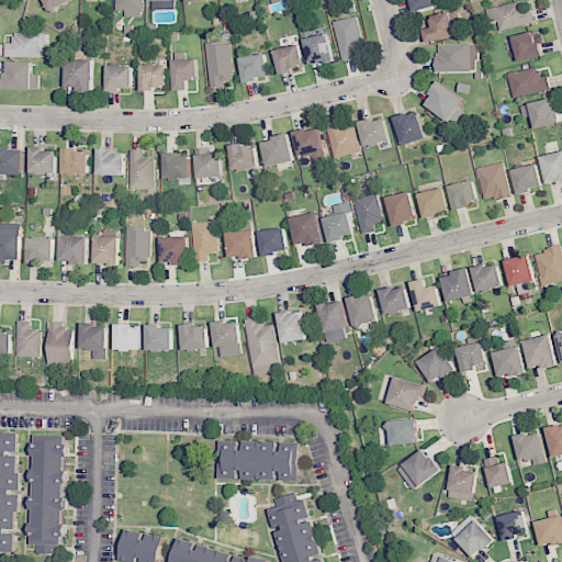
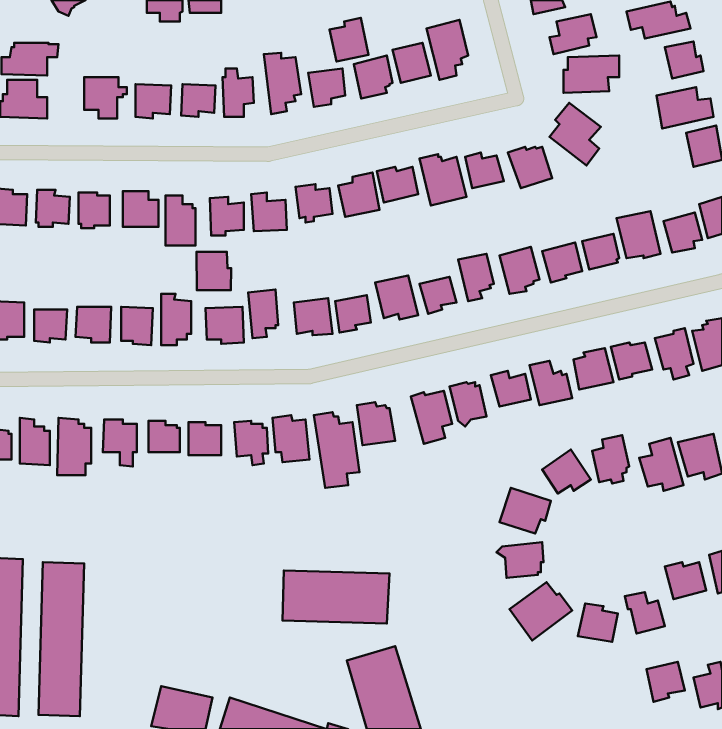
building: none -> [329,18,369,62]
building: none -> [197,252,231,290]
building: [449,514,493,555] -> none

